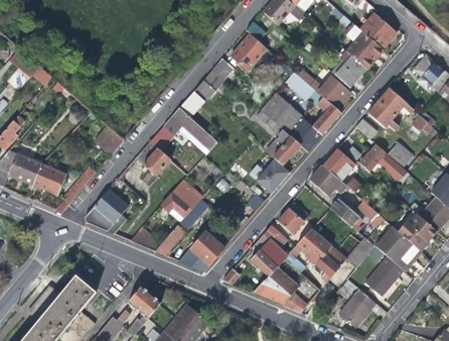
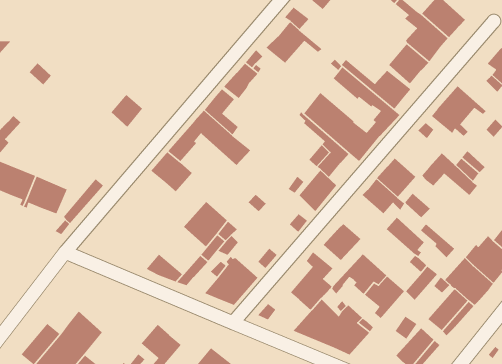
building: [96,127,123,155] -> [110,94,143,128]
building: [85,190,128,233] -> none

